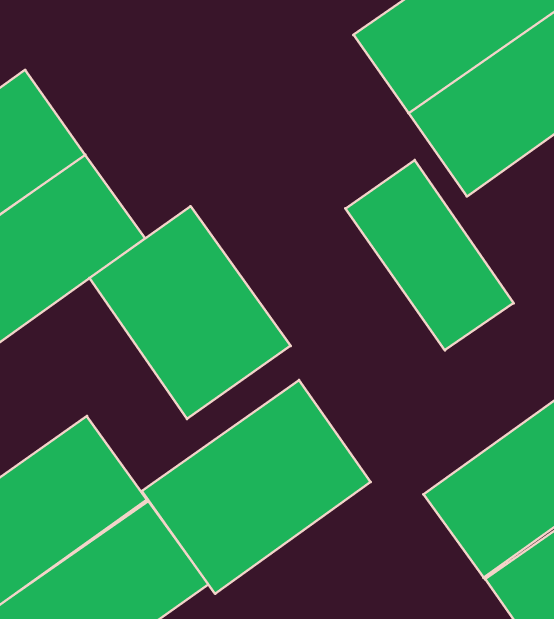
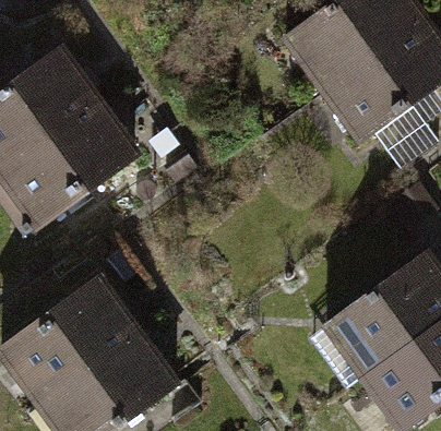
building: [345,160,514,350] -> none
building: [89,206,291,419] -> none
building: [142,380,371,594] -> none

